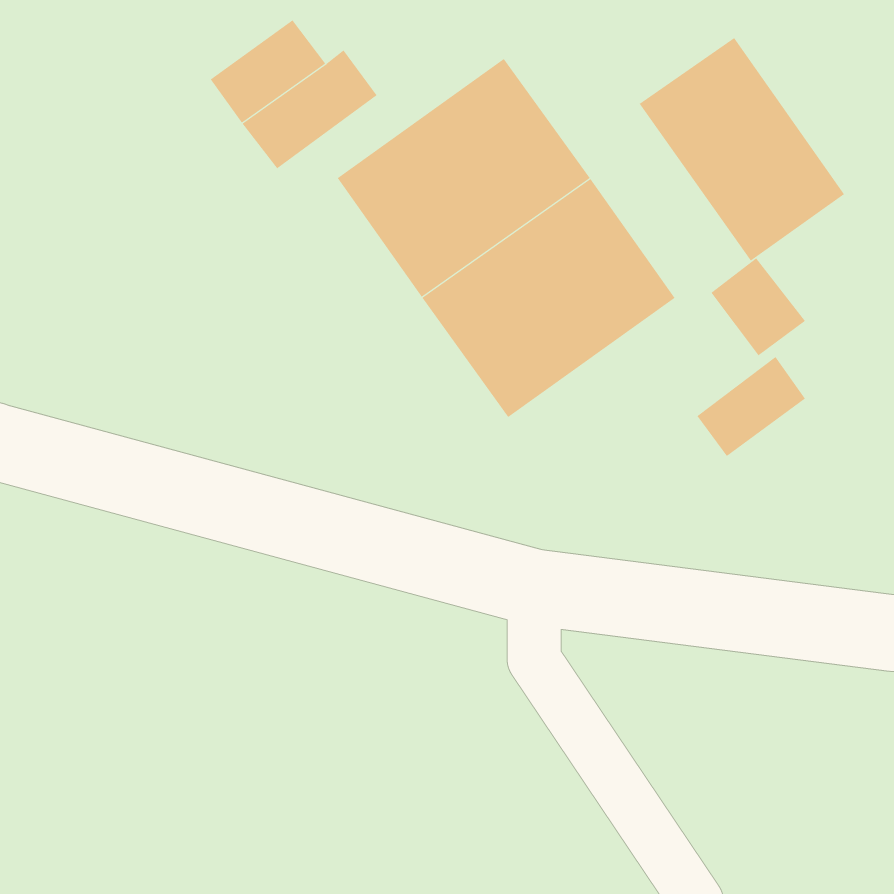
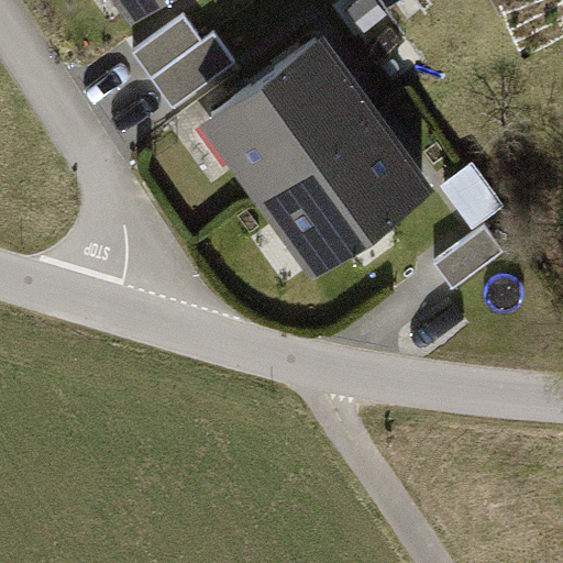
building: [639,37,845,262] -> none

